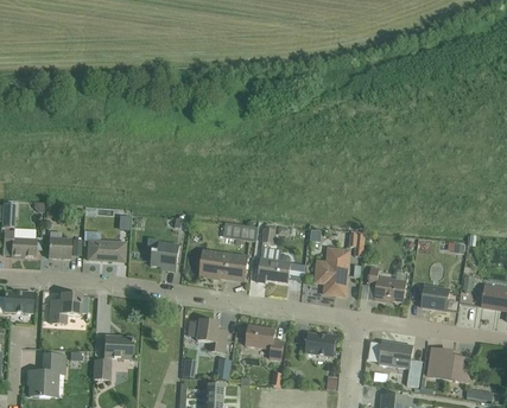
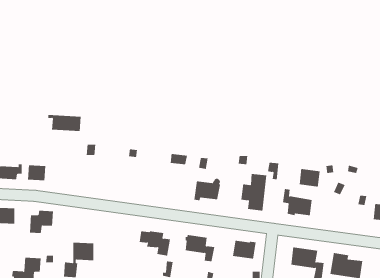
building: [82,240,125,261] -> [47,115,81,132]
building: [150,242,178,270] -> none
building: [197,251,246,278] -> none
building: [420,286,448,310] -> [299,168,320,187]

